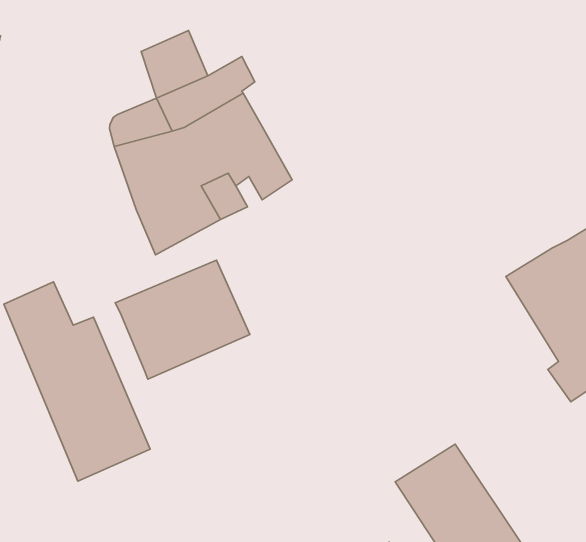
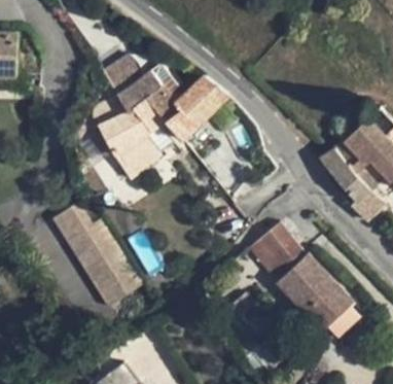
building: none -> [174,75,226,127]
building: [115,260,250,379] -> none
building: none -> [249,221,301,274]

